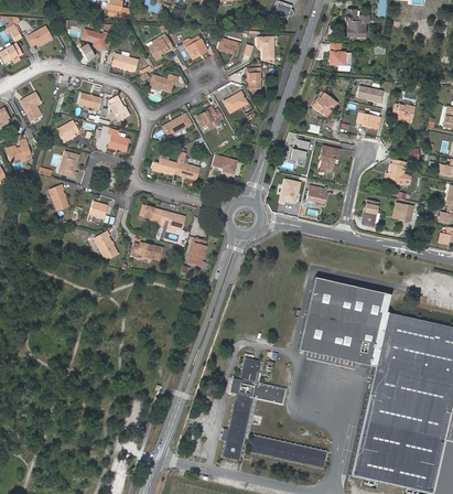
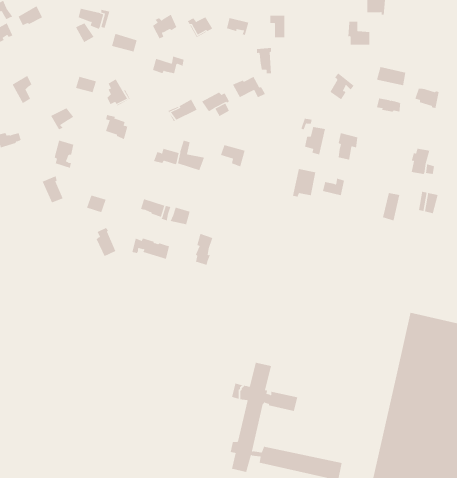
building: [300,277,389,365] -> none

